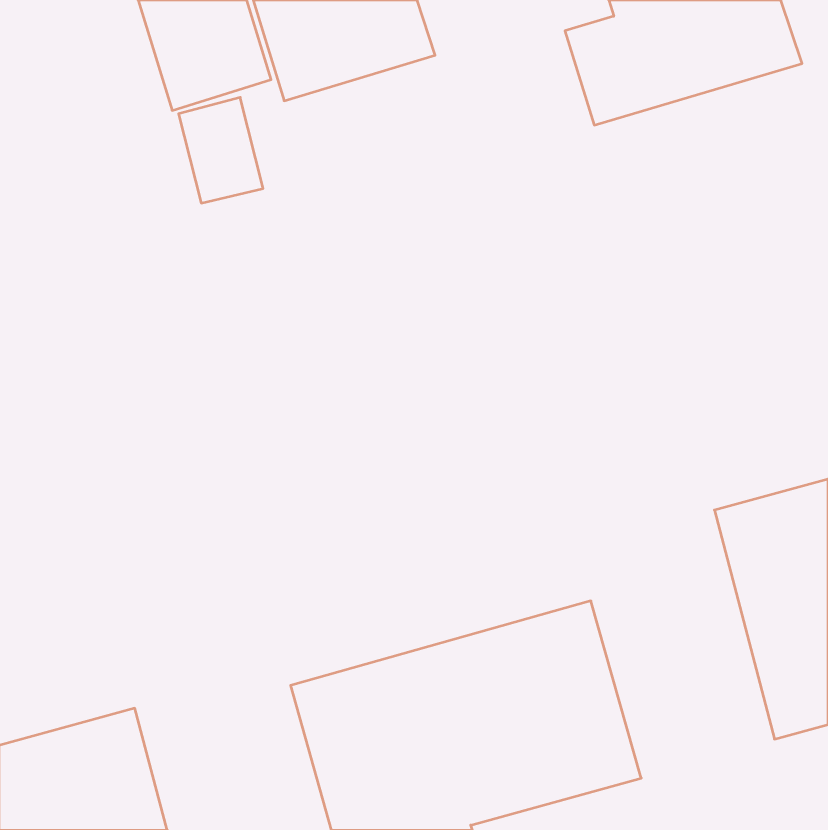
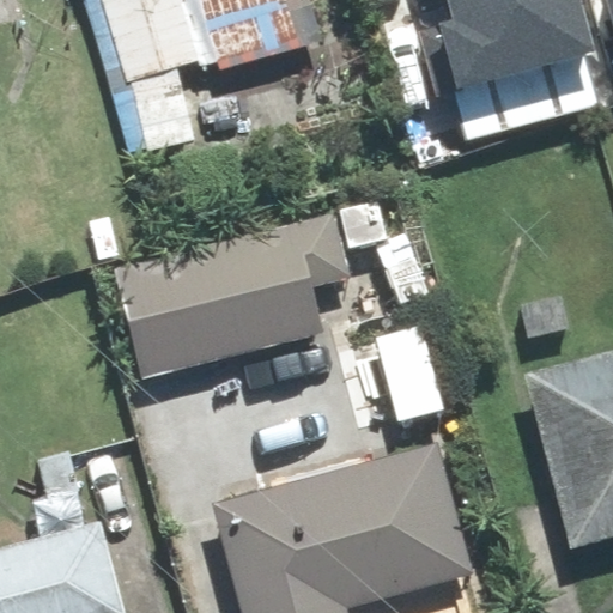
building: none -> [115,214,351,378]

